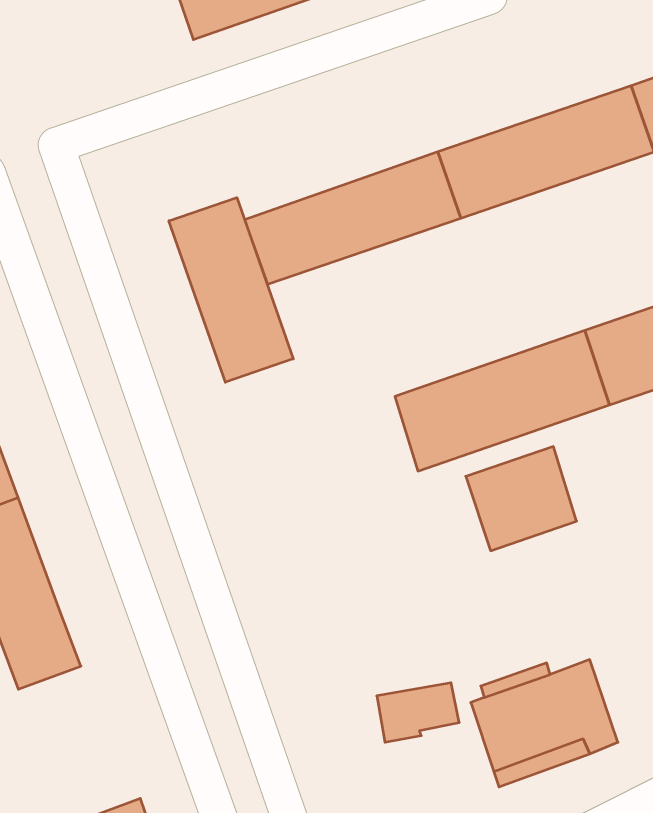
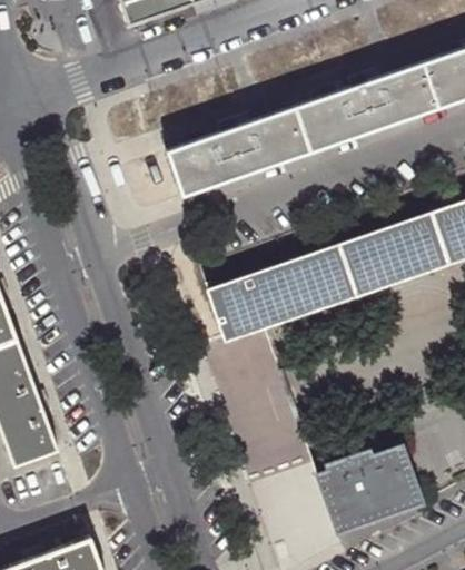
building: [169,198,293,382] -> none
building: [466,447,577,551] -> [210,269,285,340]

